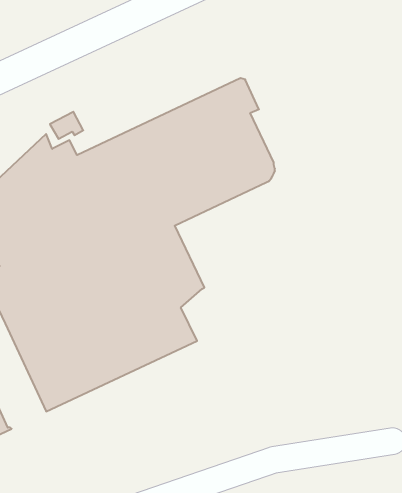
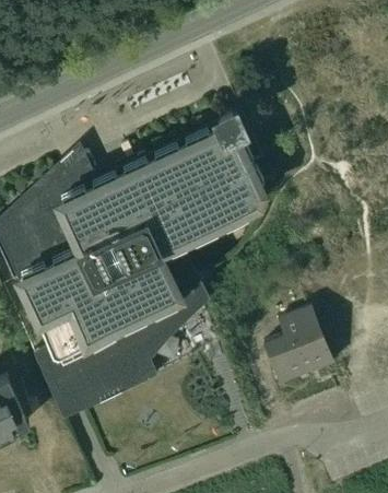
building: none -> [264,307,333,386]

